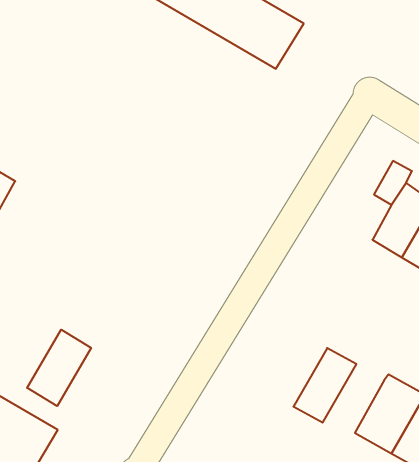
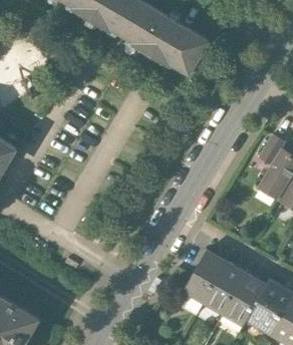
building: [27,330,91,406] -> none
building: none -> [184,253,227,304]
building: none -> [224,275,266,327]

